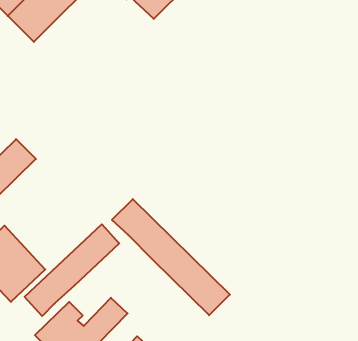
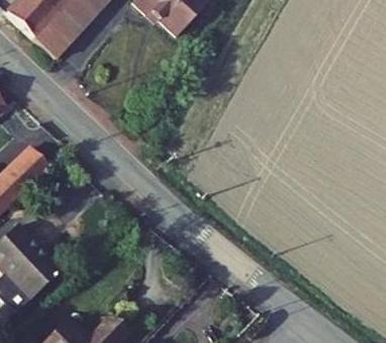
building: [112,199,230,315] -> none
building: [25,224,119,316] -> none

